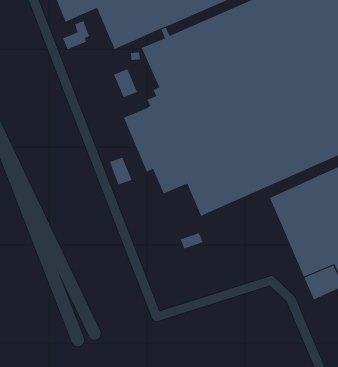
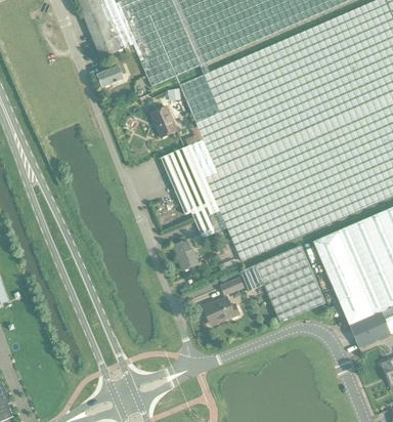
building: [109,157,133,185] -> [174,239,199,268]
building: none -> [241,245,325,322]
building: none -> [203,295,238,323]

